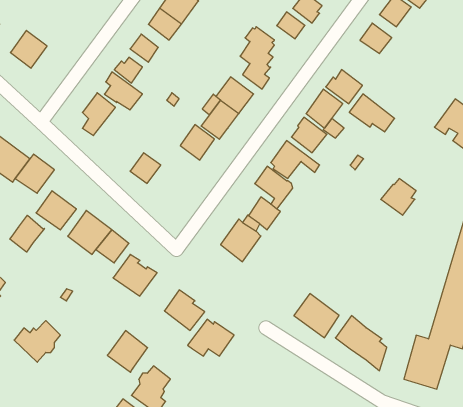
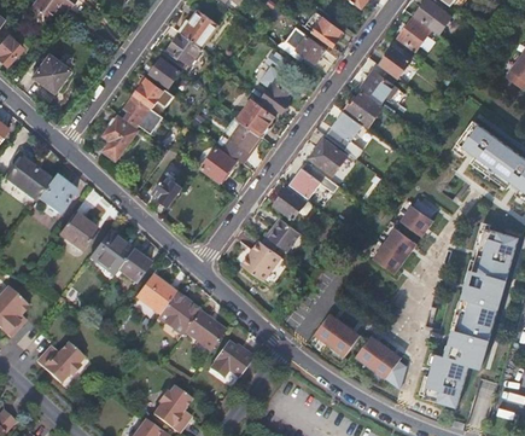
building: [349,94,395,132] -> [361,70,406,107]
building: none -> [372,228,415,274]
building: [10,215,44,252] -> none
building: [107,331,148,372] -> [161,292,200,333]

